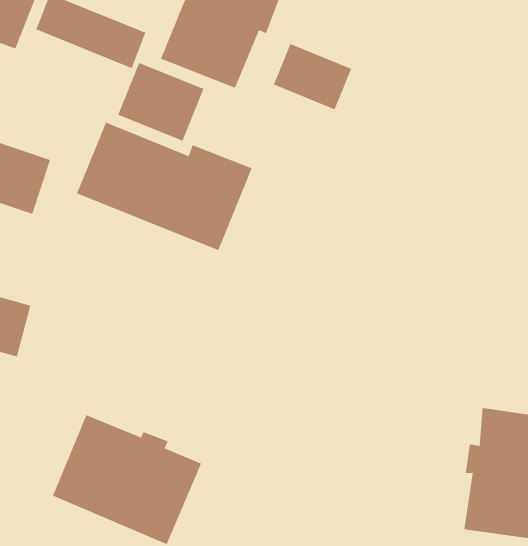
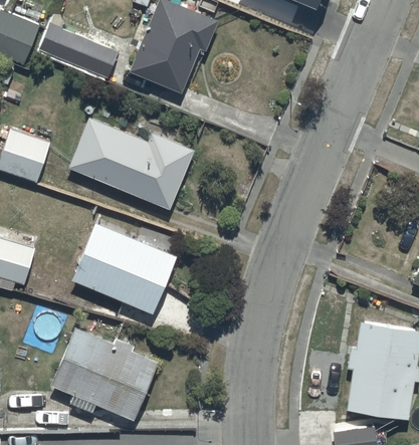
building: [273,43,352,110] -> none
building: [117,62,204,142] -> none
building: none -> [71,223,177,314]

